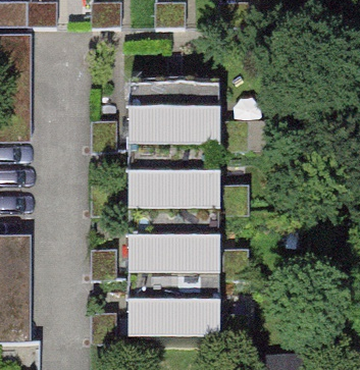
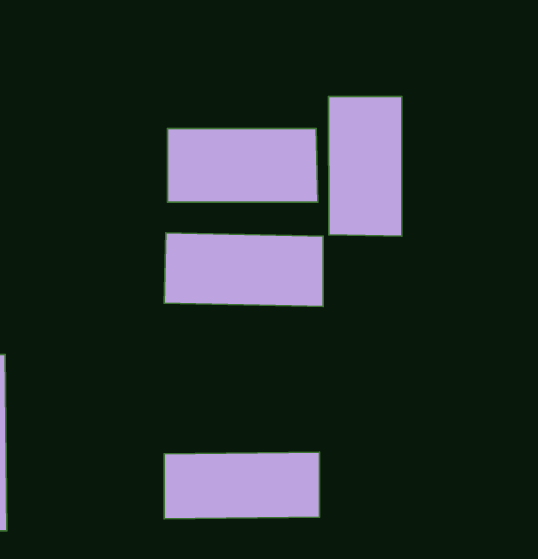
building: none -> [329,96,402,236]
building: [126,227,224,276] -> none

